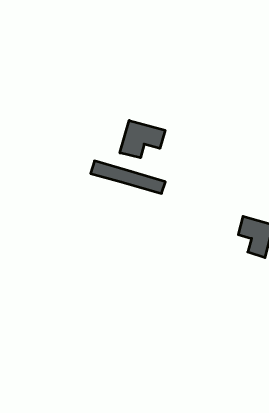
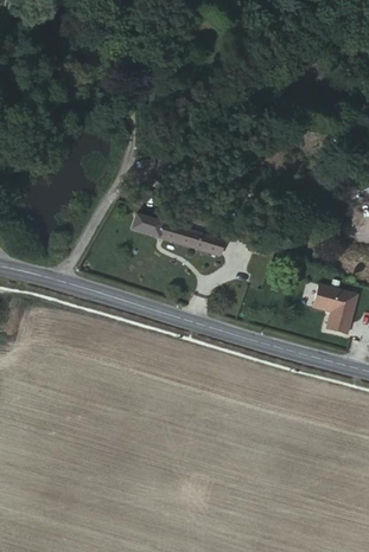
building: [120,120,165,158] -> none

